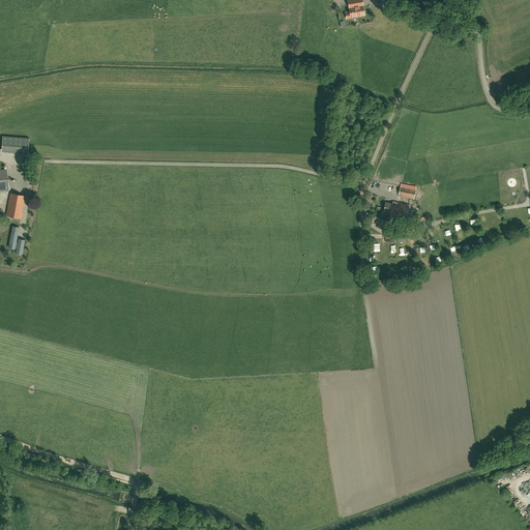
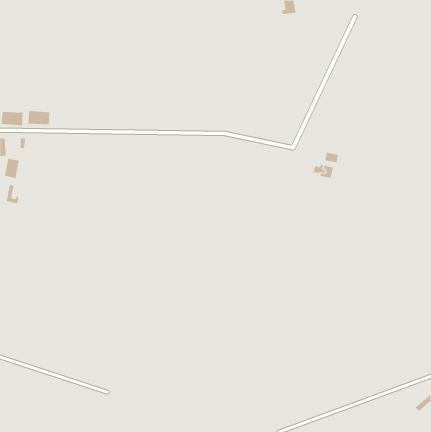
building: none -> [28,110,50,125]

